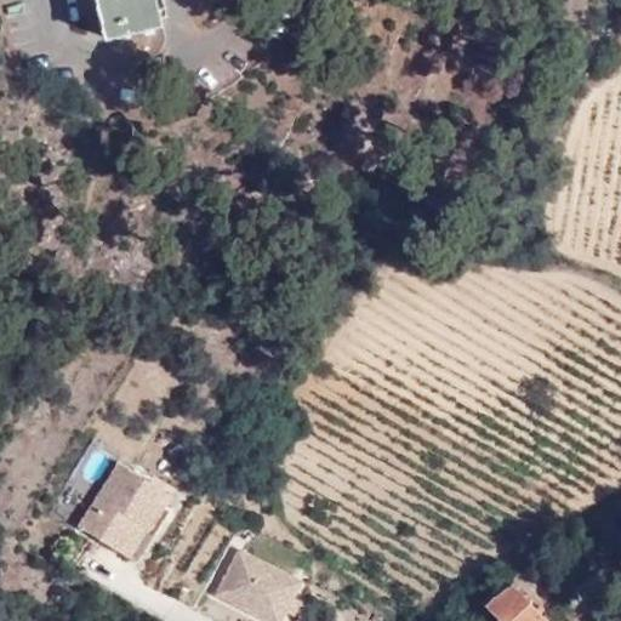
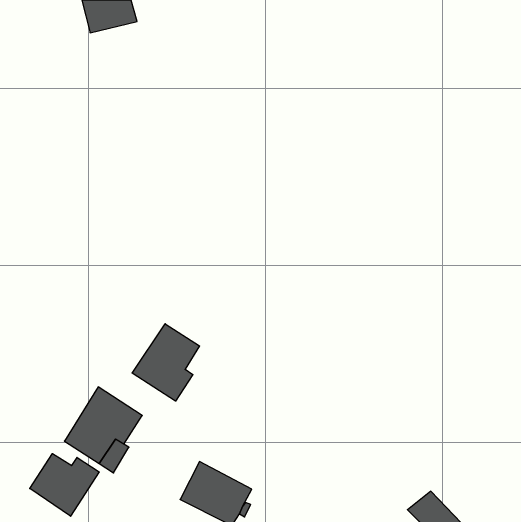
building: none -> [132,324,200,401]
building: none -> [30,454,99,516]

